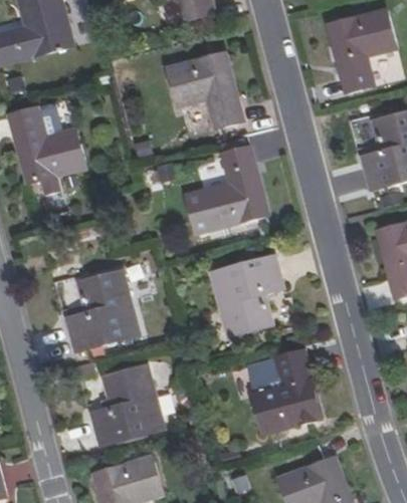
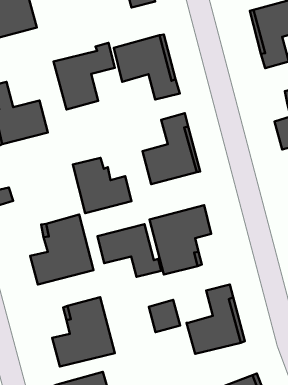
building: none -> [53,43,115,110]
building: none -> [73,158,131,213]
building: none -> [98,224,161,277]
building: [246,356,283,395] -> [149,300,180,332]

